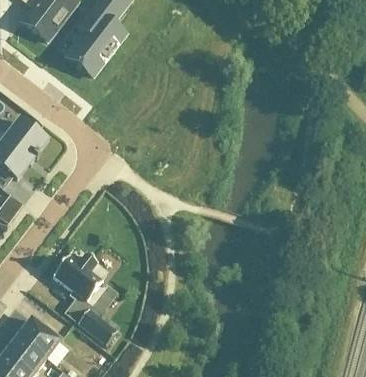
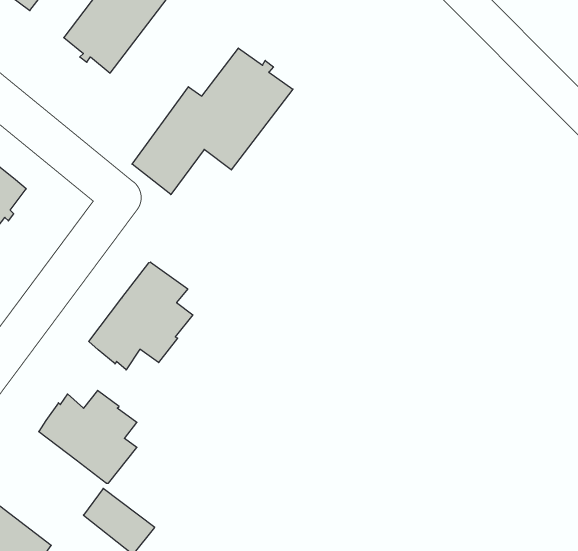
building: none -> [132,48,293,195]
building: none -> [89,262,193,370]

